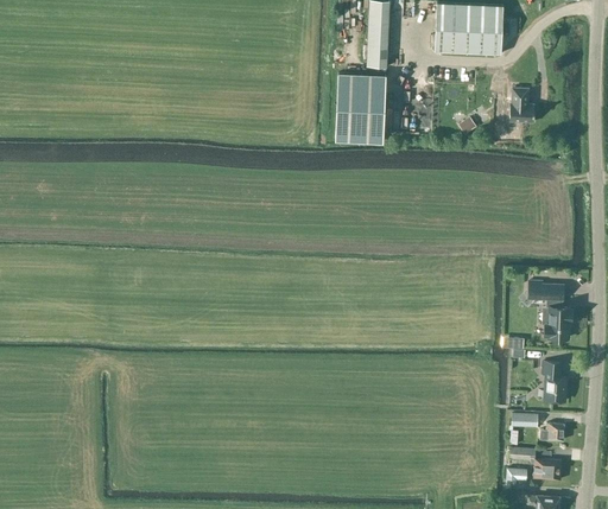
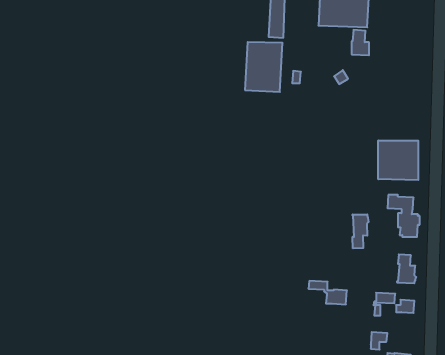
building: [511,88,534,122] -> [352,30,369,55]
building: none -> [378,140,418,180]
building: none -> [353,214,369,248]
building: [509,448,562,481] -> [308,281,347,304]

